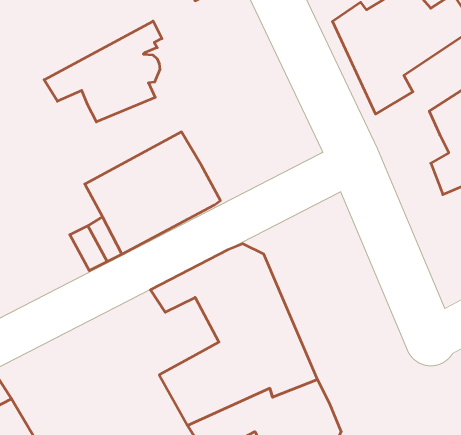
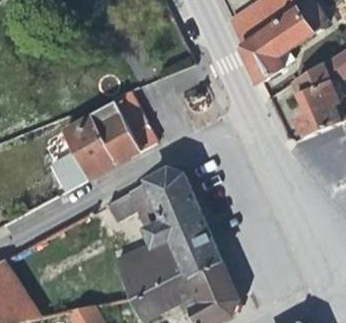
building: [44,21,162,122] -> none

